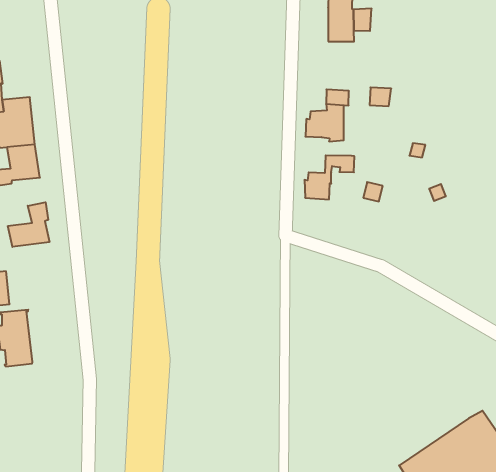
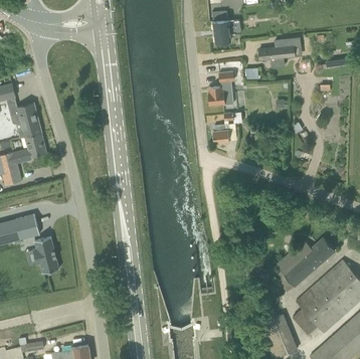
building: none -> [257,37,300,66]
building: [8,202,49,247] -> none
building: none -> [274,238,334,293]

